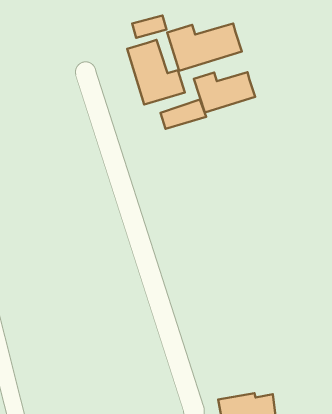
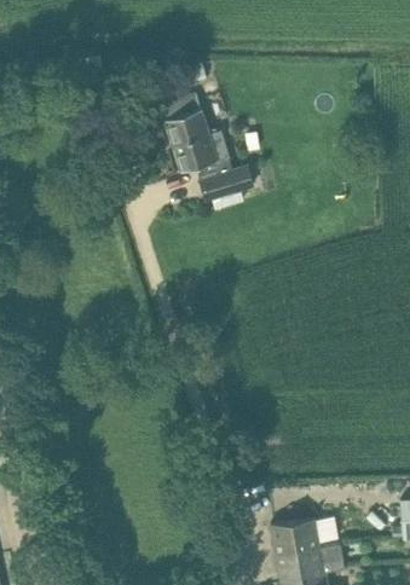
building: [167,23,242,71] -> none
building: [194,72,255,113] -> none

